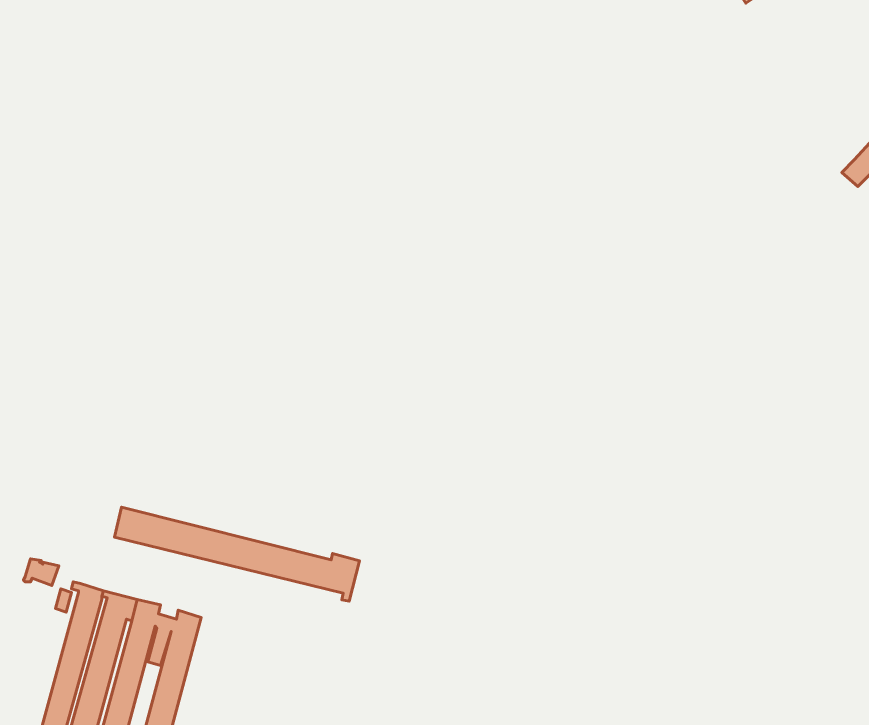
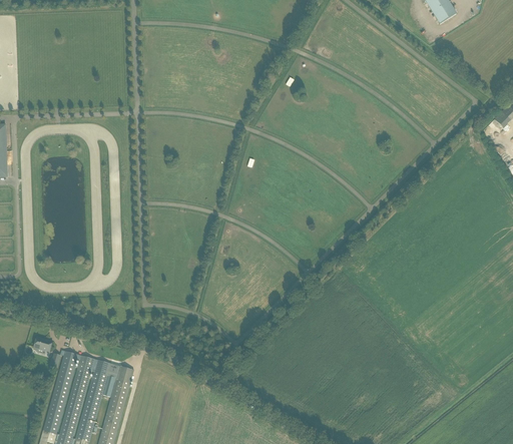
building: [114,507,359,601] -> none

